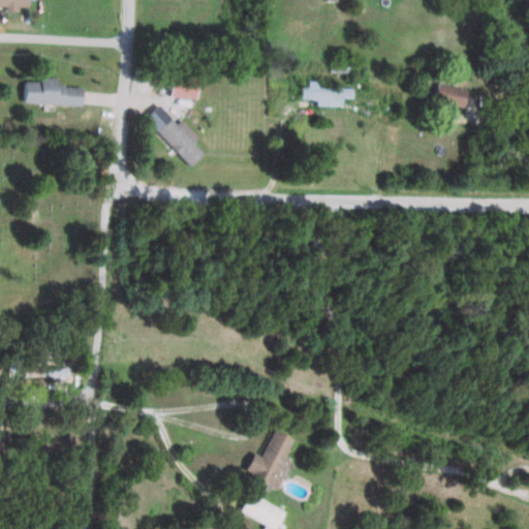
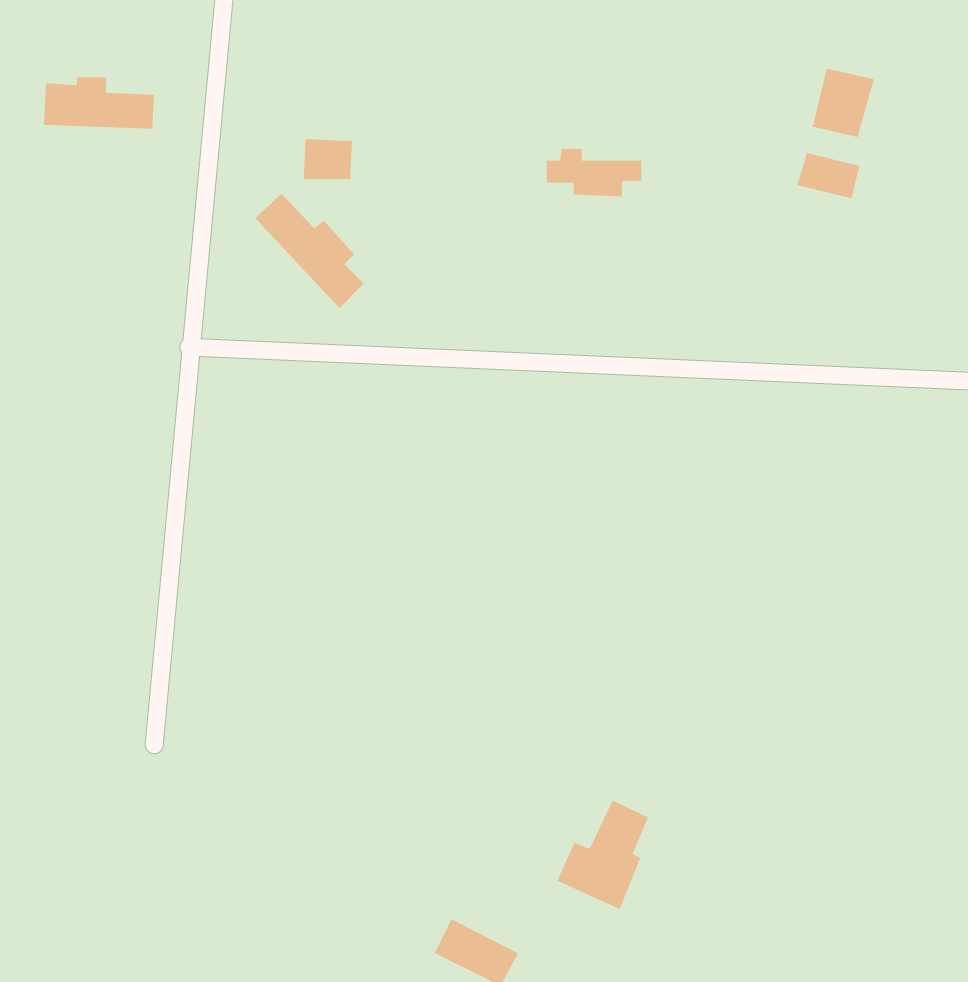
building: none -> [812,68,875,138]
building: [26,79,86,106] -> [43,77,155,129]
building: [246,431,295,490] -> [556,800,649,910]

